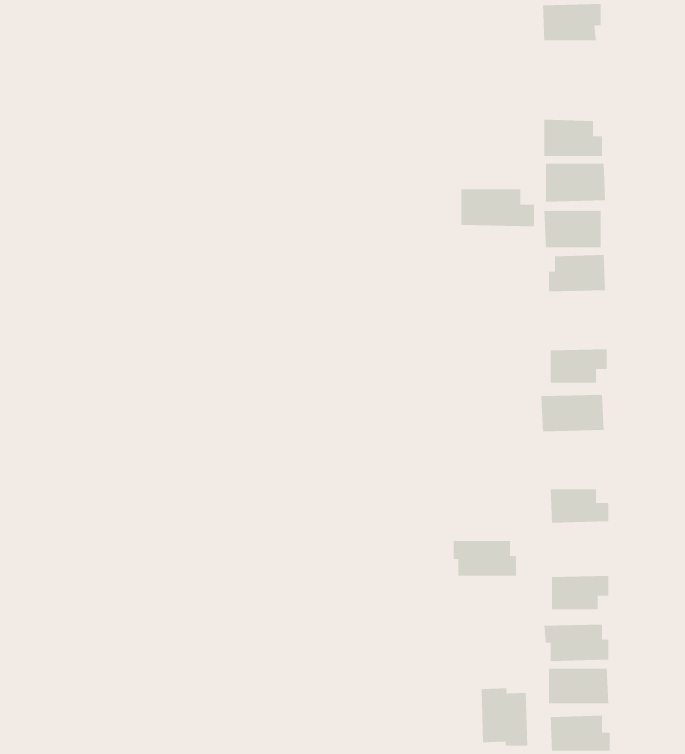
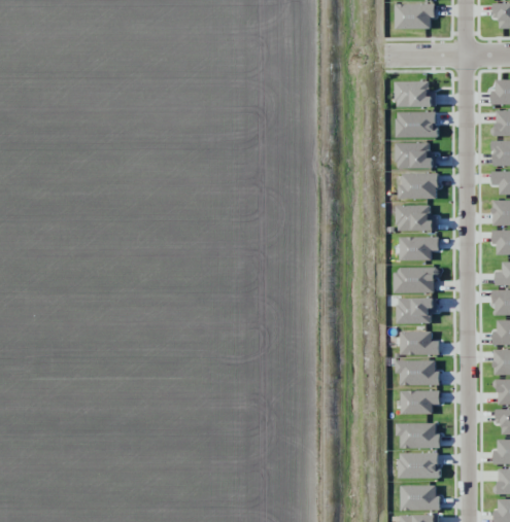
building: [460,189,535,227] -> none
building: none -> [397,206,437,231]
building: none -> [398,299,437,323]
building: [453,540,517,577] -> [397,360,440,385]
building: [481,687,528,747] -> none

